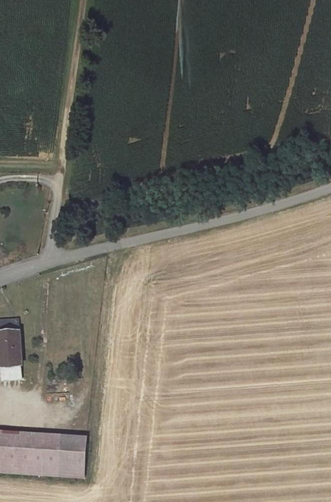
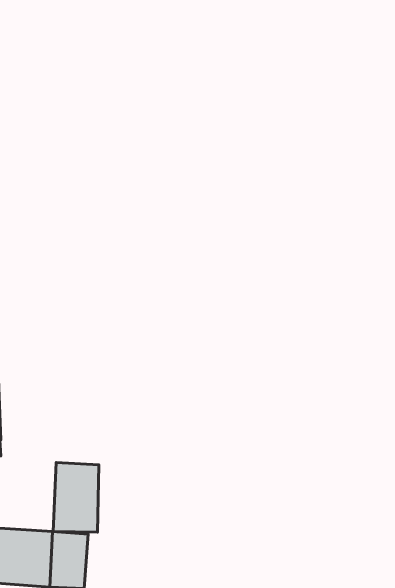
building: none -> [53,462,99,532]

